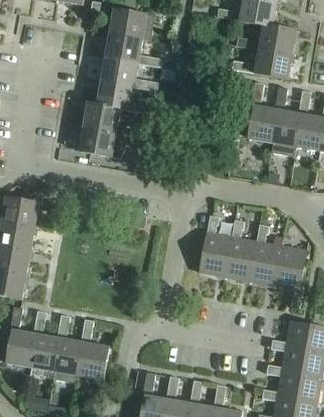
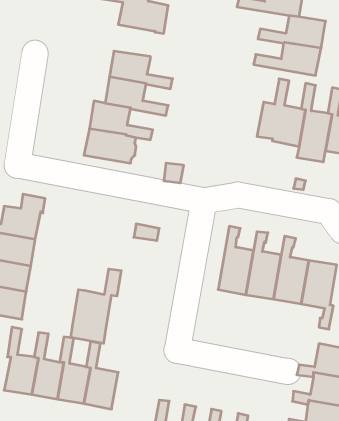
building: [105,33,162,68] -> none
building: none -> [71,269,121,343]

